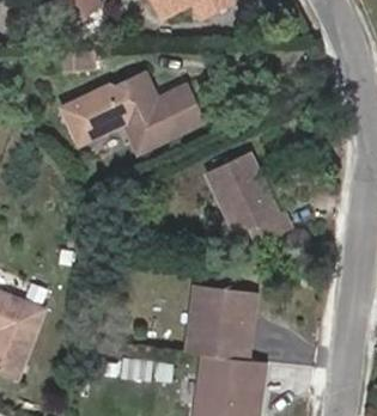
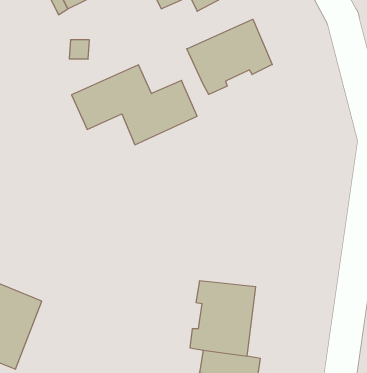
building: none -> [187,19,272,94]
building: [206,164,292,252] -> none

